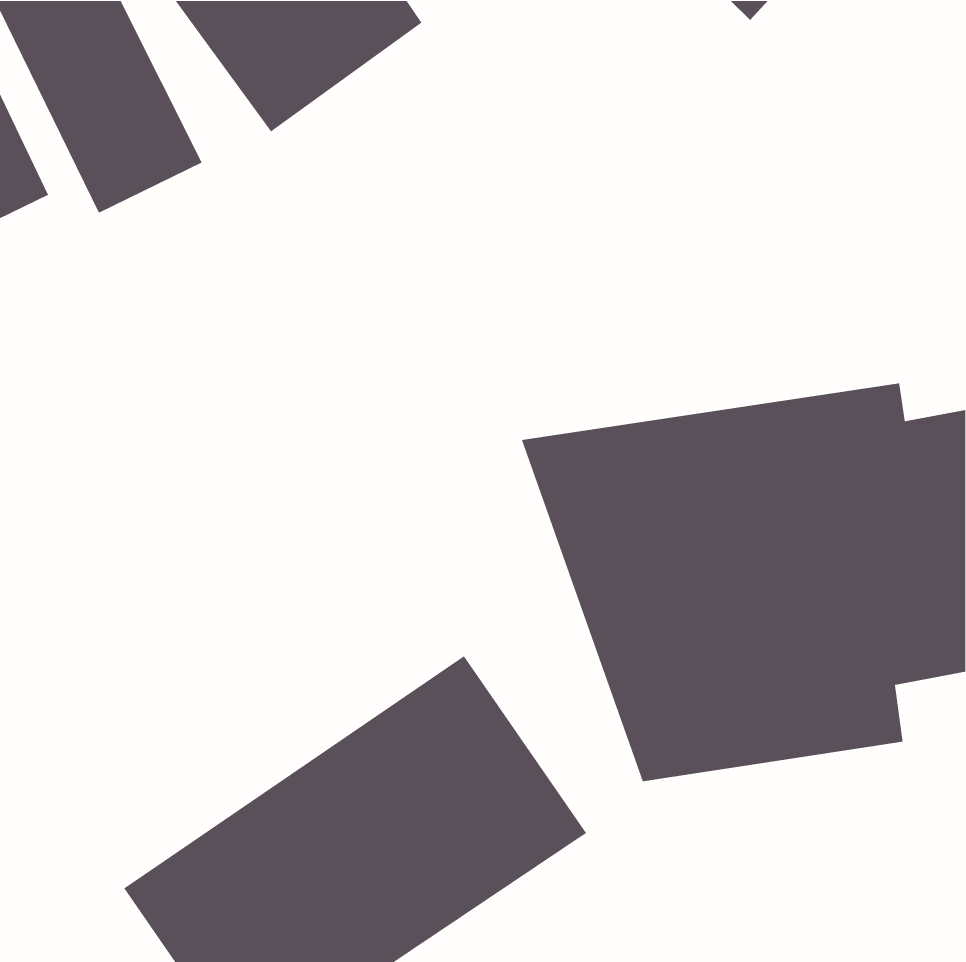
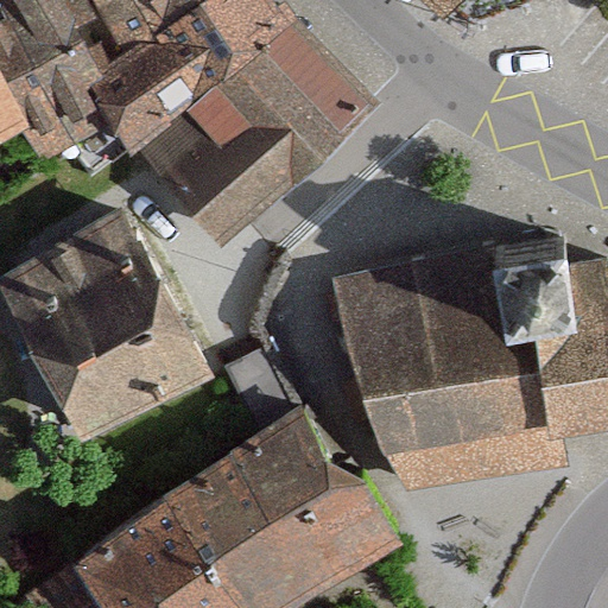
building: none -> [156,42,336,217]
building: none -> [24,226,207,416]

